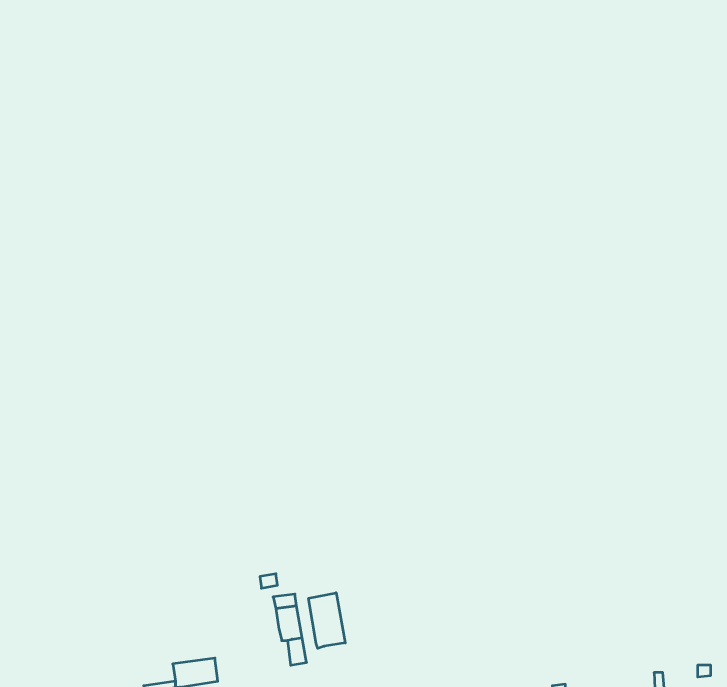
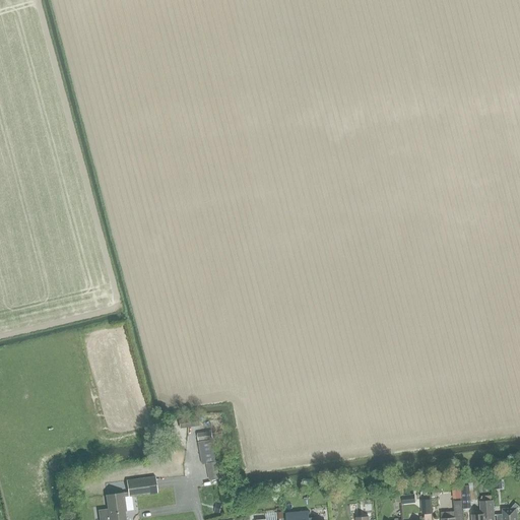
building: [309,593,345,648] -> none

